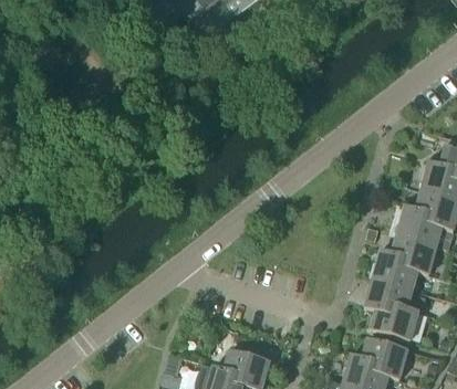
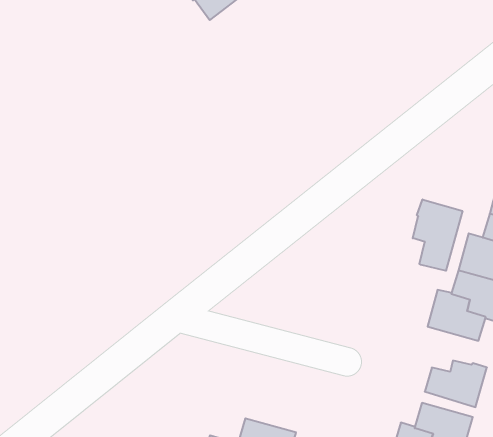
building: none -> [413,199,462,271]
building: [365,277,413,313] -> none

